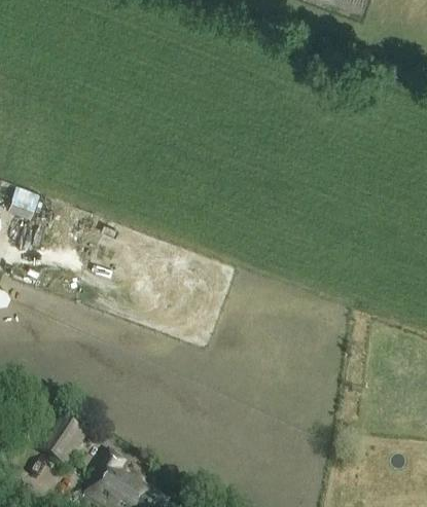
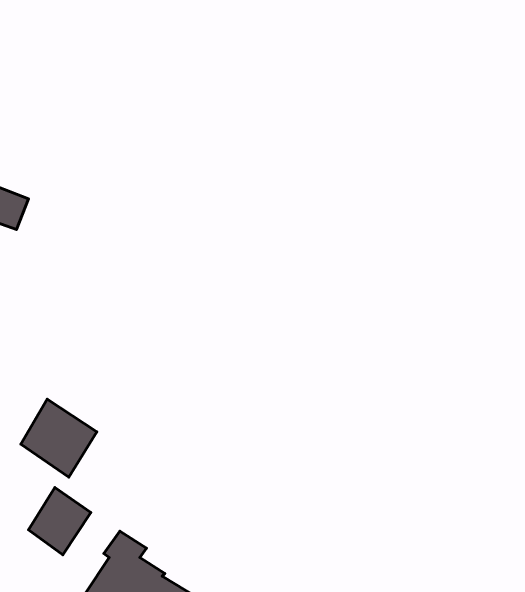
building: none -> [21,399,97,477]

